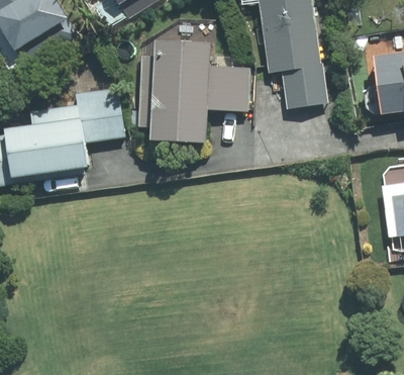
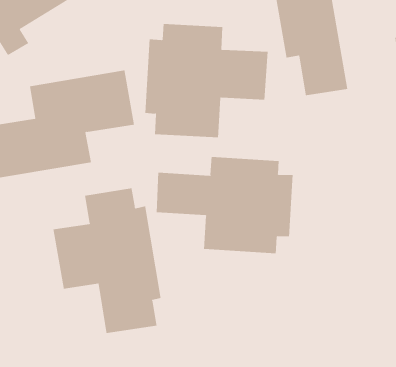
building: none -> [156,156,293,254]
building: none -> [53,188,161,334]

